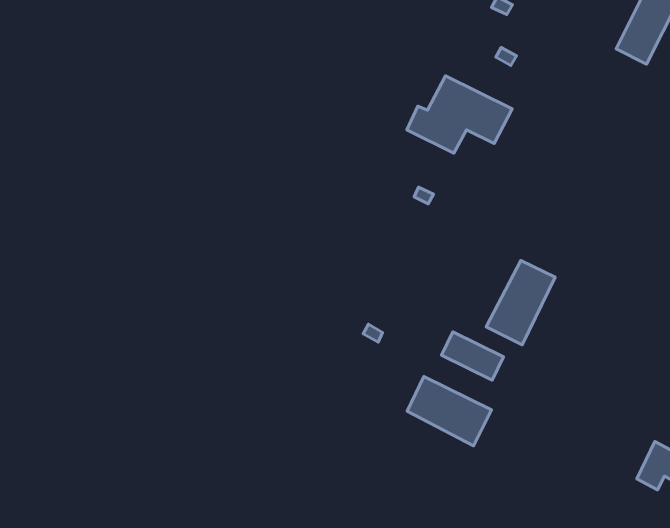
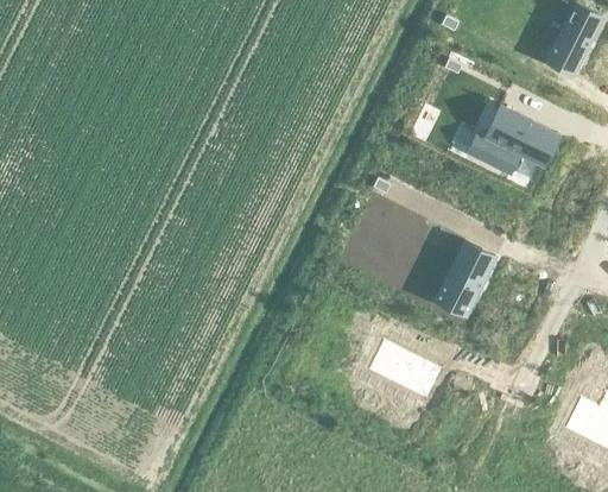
building: [407,76,512,153] -> [468,107,558,174]
building: [441,332,503,380] -> none

